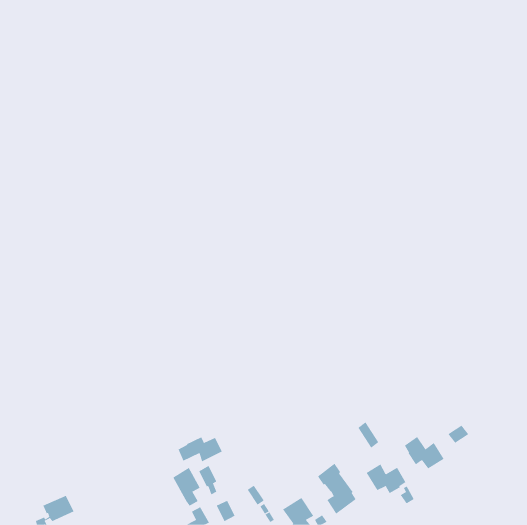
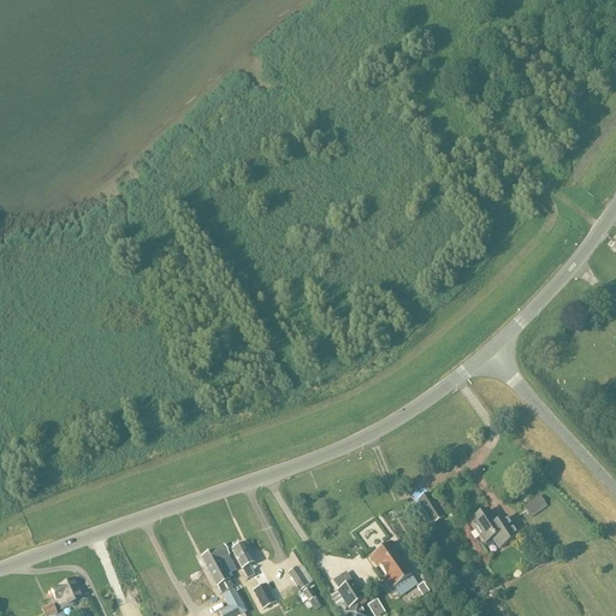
building: [178,437,222,462] -> none
building: [366,463,406,494] -> none

